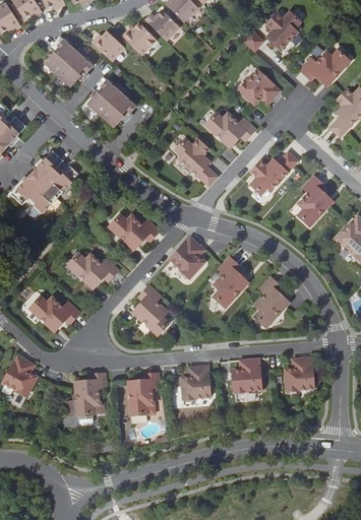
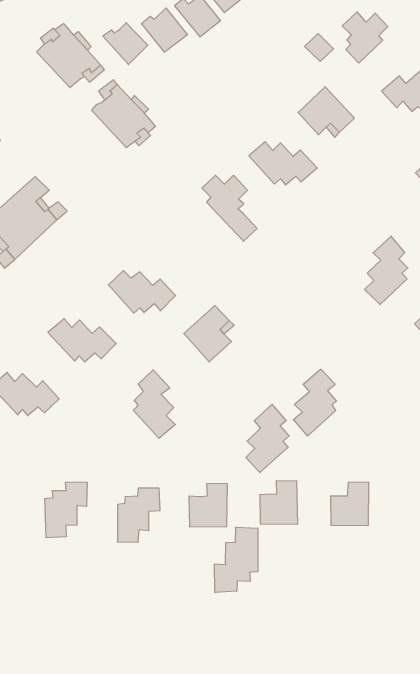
building: [249,150,297,192] -> none
building: [213,255,243,306] -> [246,404,289,473]
building: none -> [215,527,258,593]

